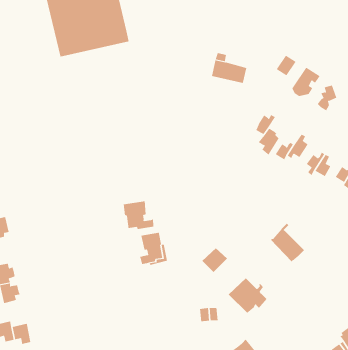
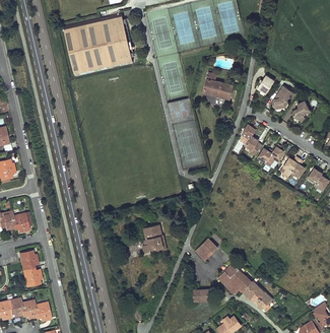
building: [123,200,154,230] -> none
building: [270,223,305,262] -> [242,277,271,311]

